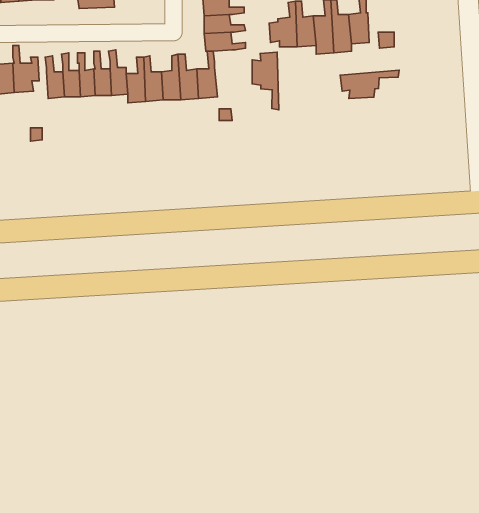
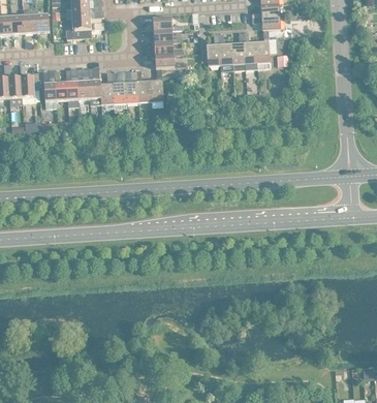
building: [252,52,279,110] -> none
building: [340,70,399,98] -> none

